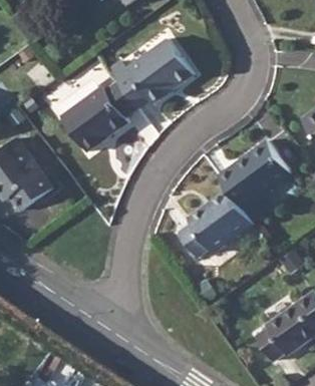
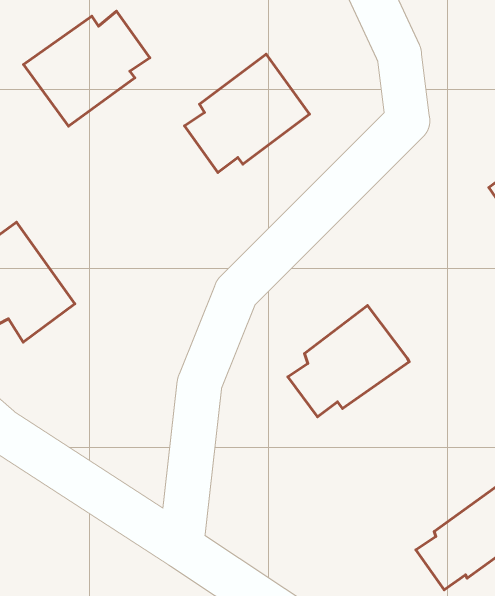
building: [61,81,137,150] -> [24,11,150,126]
building: [218,140,289,222] -> none

